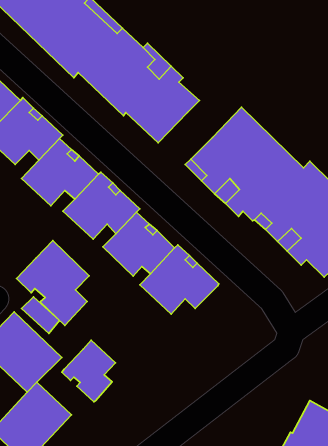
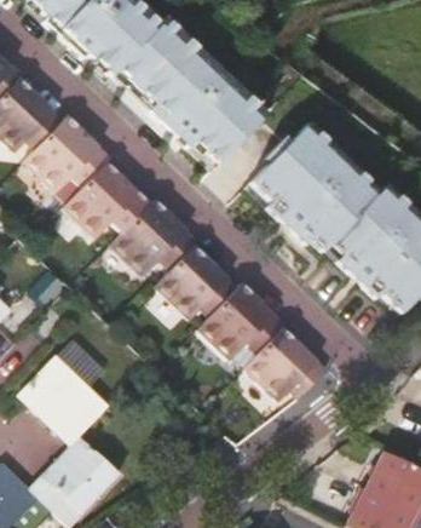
building: [16,240,89,325] -> none
building: none -> [243,325,325,398]
building: [62,340,115,402] -> none

